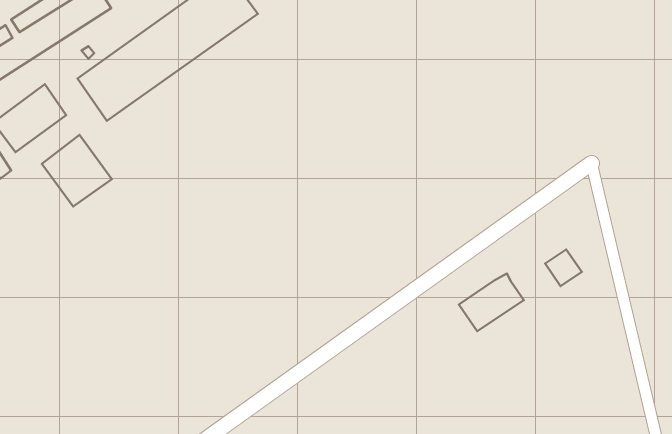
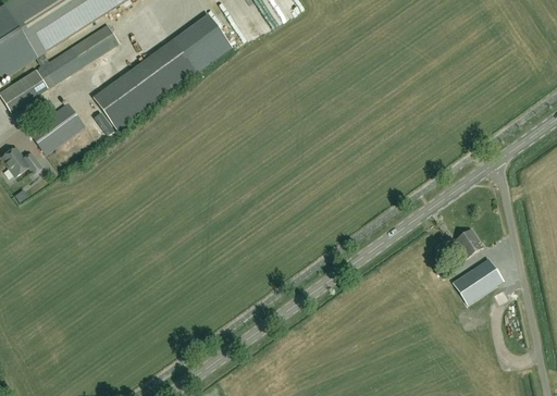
building: [42,135,112,206] -> none
building: [459,273,524,331] -> [453,259,503,304]

